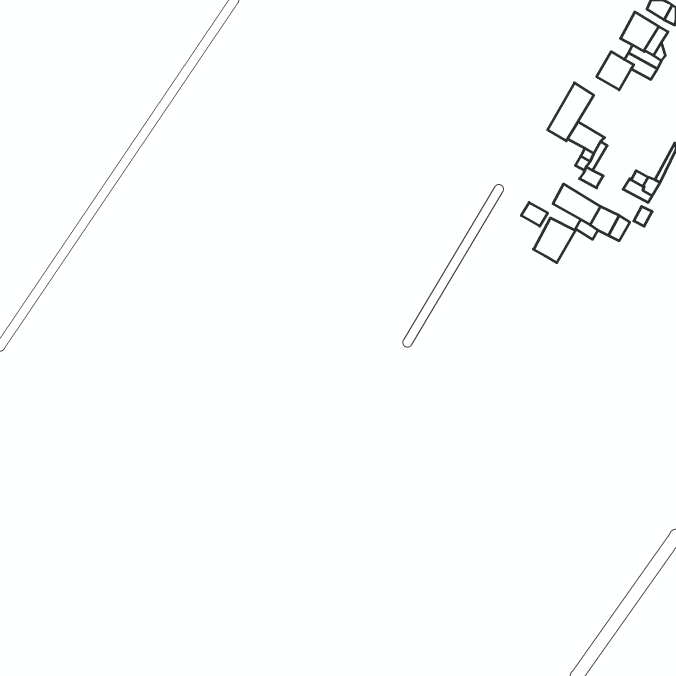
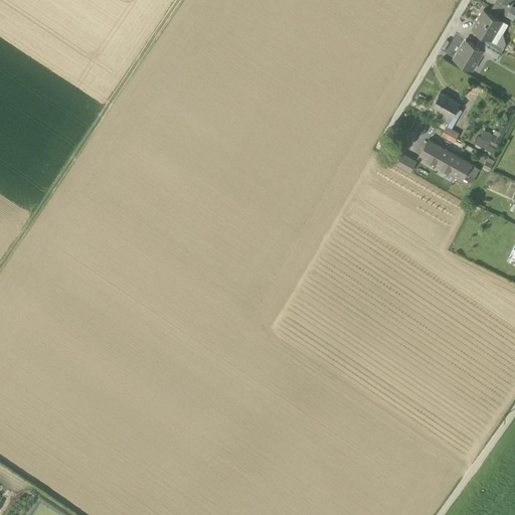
building: [548,83,594,141] -> none
building: [533,218,575,263] -> none

